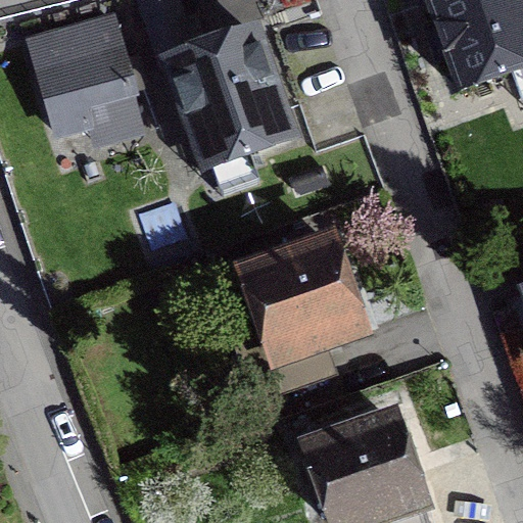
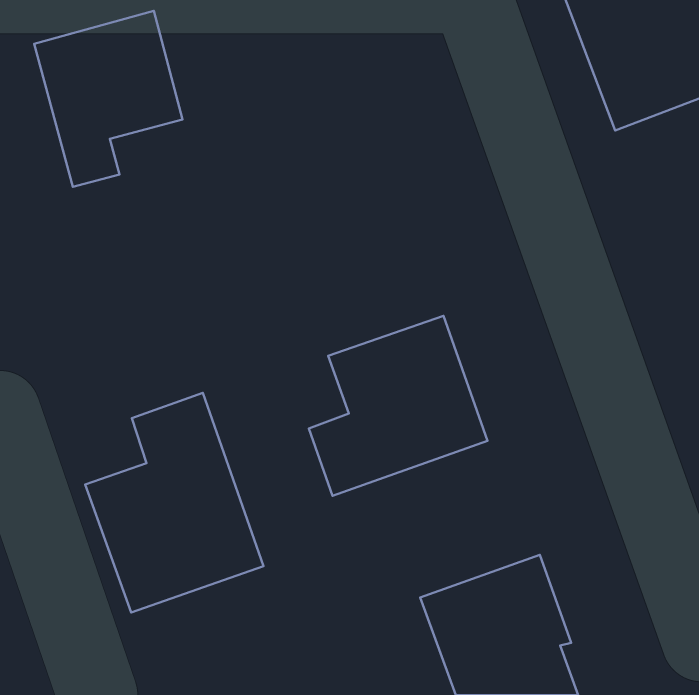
building: [172,30,298,167] -> none
building: none -> [85,393,263,613]

